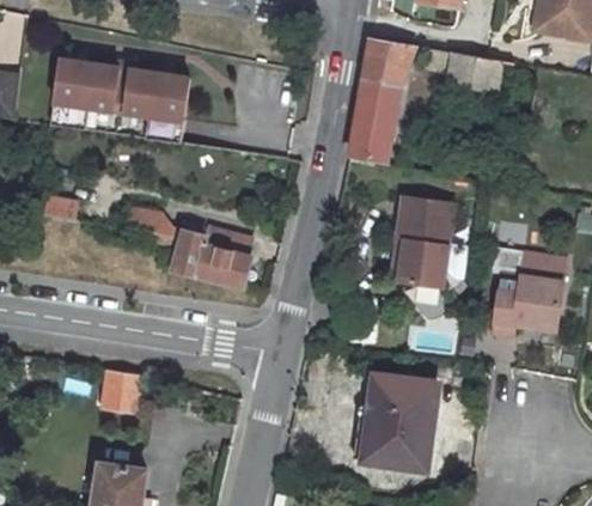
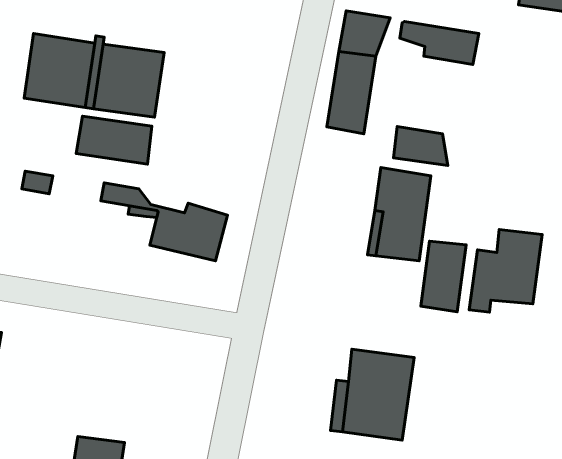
building: none -> [76,116,152,164]
building: none -> [394,127,448,165]
building: none -> [421,241,466,312]
building: [103,370,142,413] -> none

